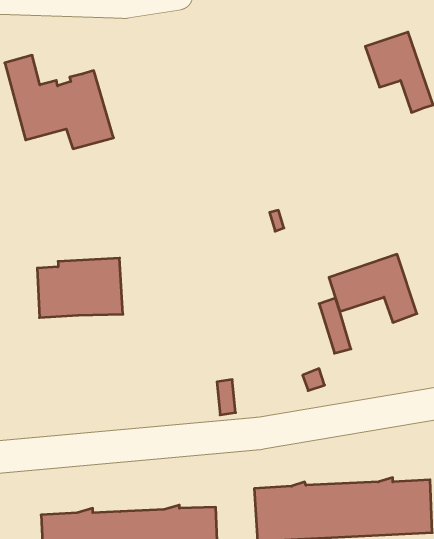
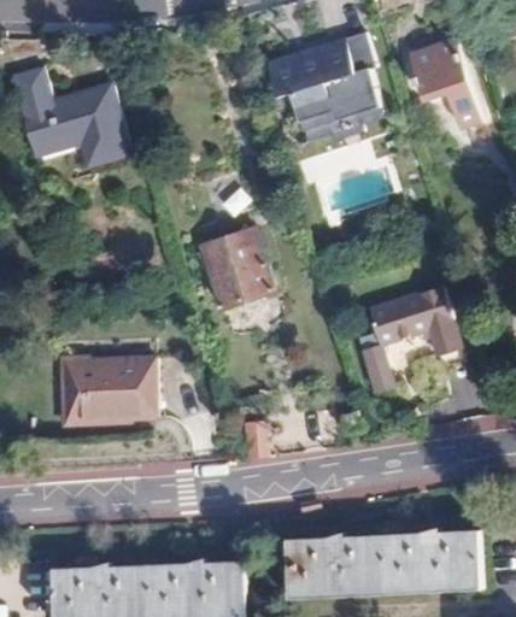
building: none -> [268,33,387,141]
building: none -> [200,227,274,308]
building: [37,258,123,318] -> [63,357,157,422]

